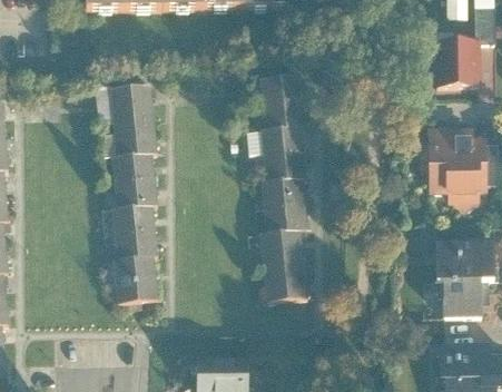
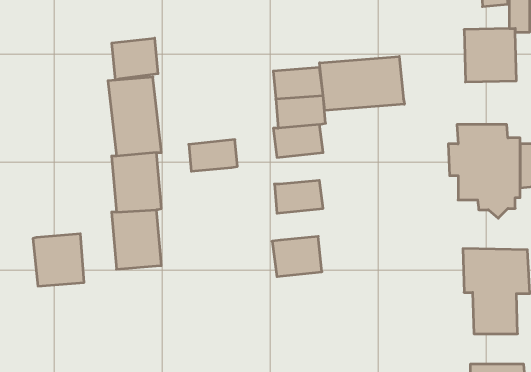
building: none -> [112,38,158,80]
building: none -> [320,56,404,110]
building: [262,153,306,182] -> [189,140,237,171]
building: [262,204,306,233] -> none
building: [111,256,158,304] -> [33,234,84,286]
building: [262,262,307,303] -> none

